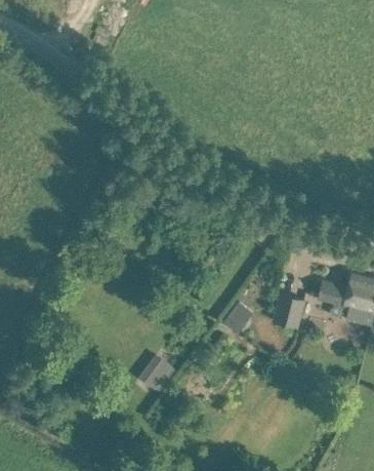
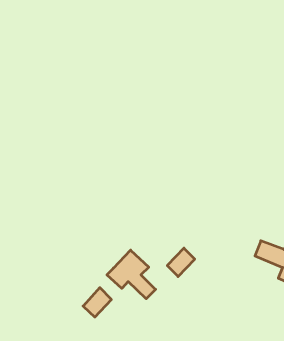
building: [274,296,305,329] -> none
building: none -> [107,250,156,299]

